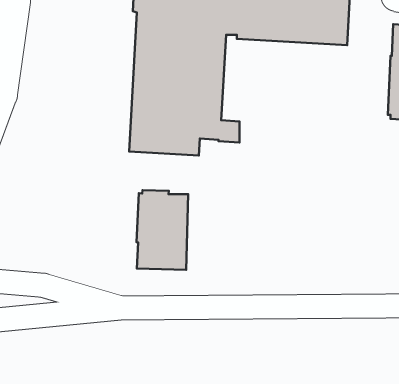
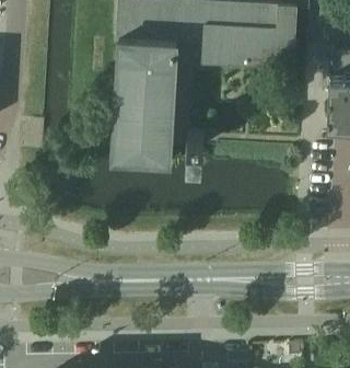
building: [136,190,188,270] -> none

